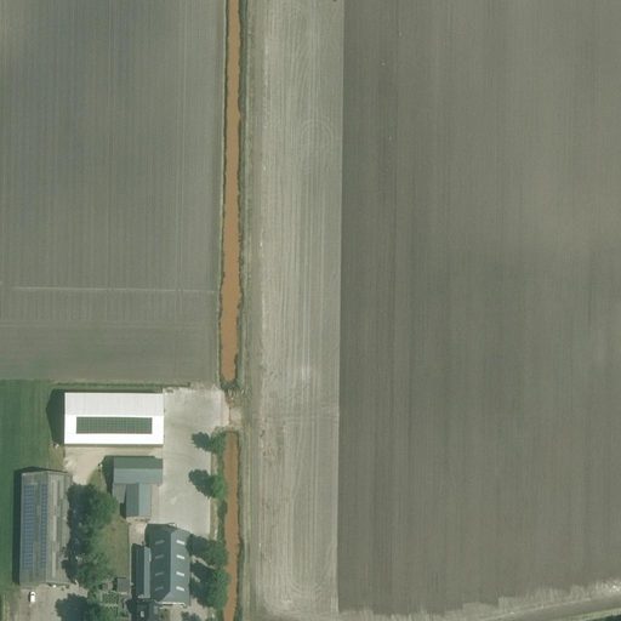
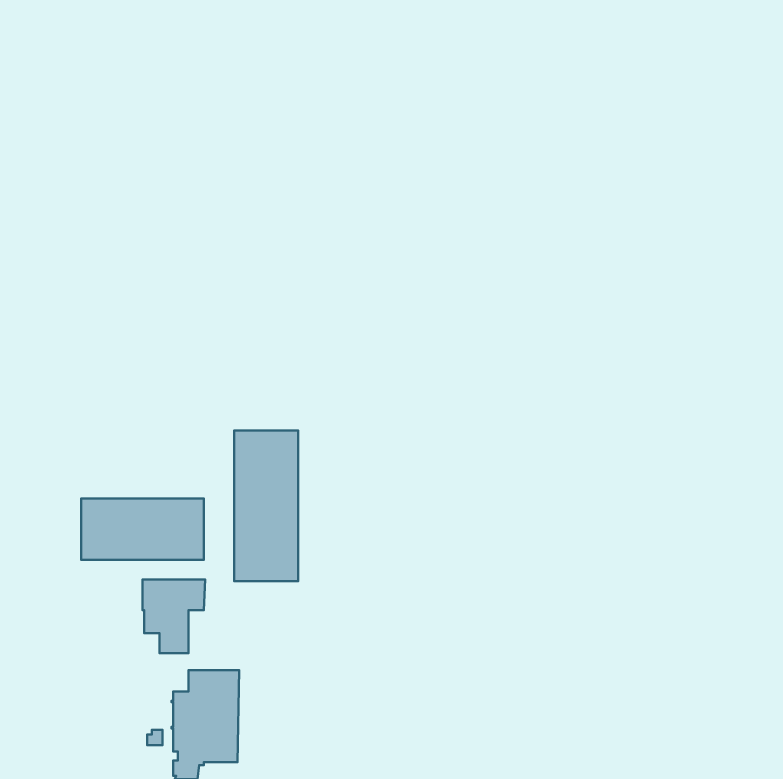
building: none -> [234,430,298,581]
building: [19,473,73,585] -> none

